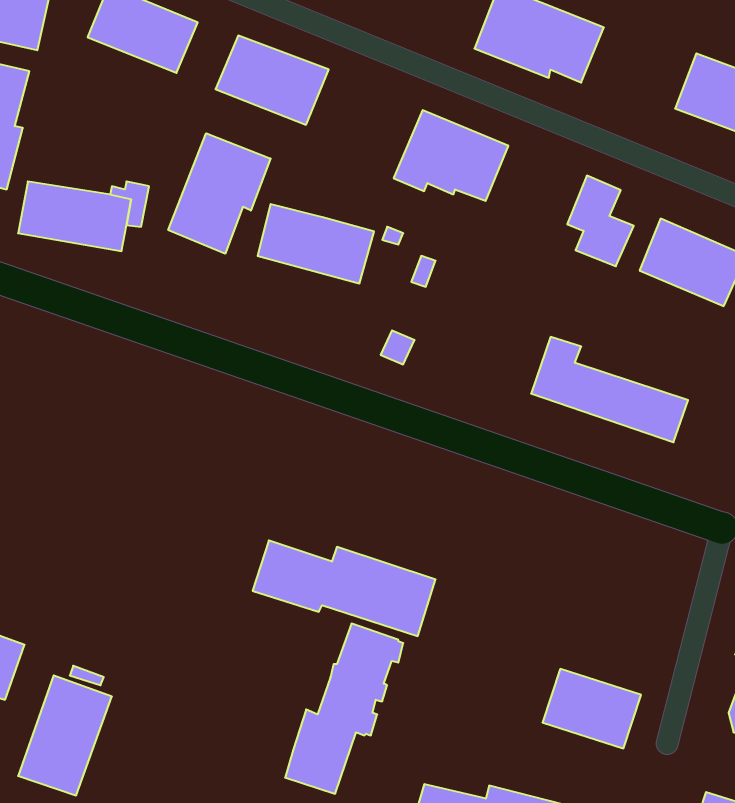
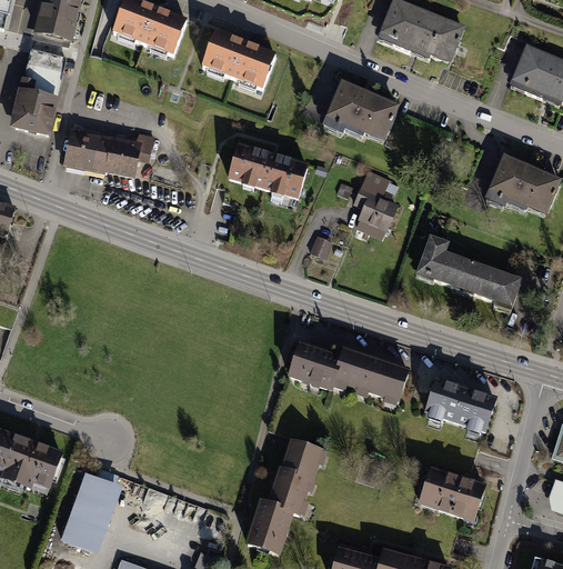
building: [168,133,271,254] -> none
building: [567,176,634,266] -> [351,169,396,231]
building: [253,540,436,636] -> [288,342,413,408]
building: none -> [423,378,496,433]

